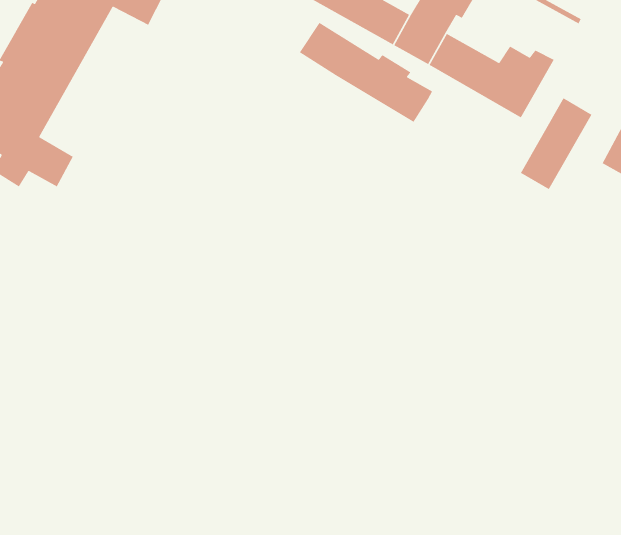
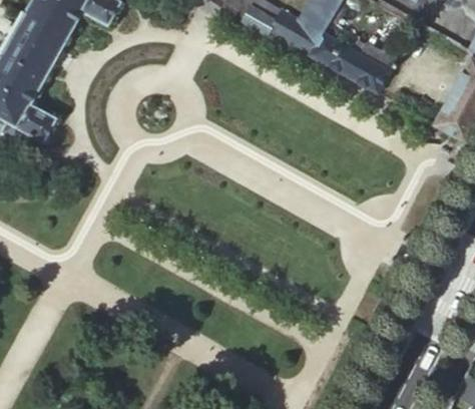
building: [299,22,433,123] -> none
building: [520,97,592,190] -> none

